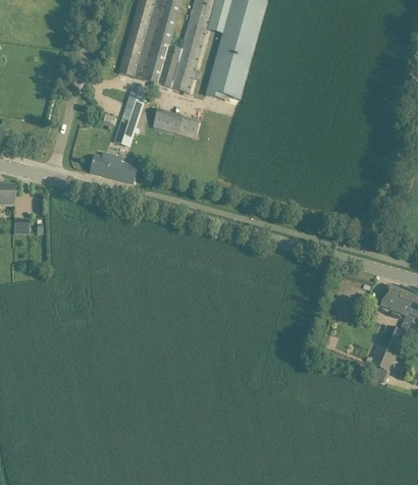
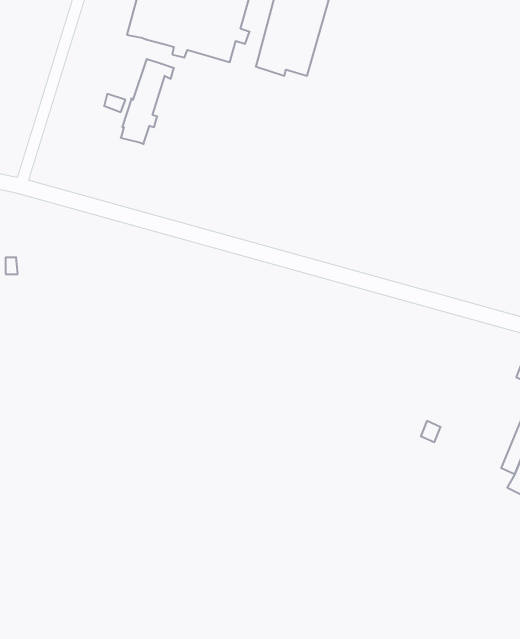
building: [152,108,200,140] -> none
building: [90,151,137,182] -> none

